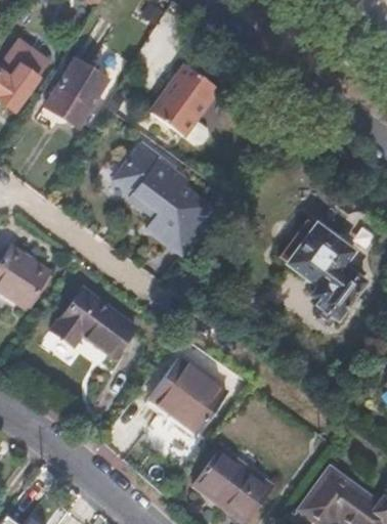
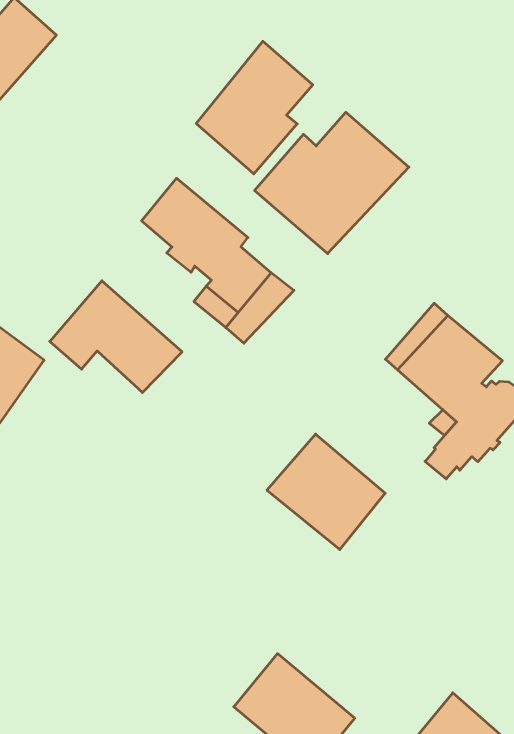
building: [50,63,109,126] -> none
building: none -> [255,112,409,254]
building: [52,285,137,354] -> [50,281,182,393]
building: [147,356,223,429] -> [267,434,385,550]

